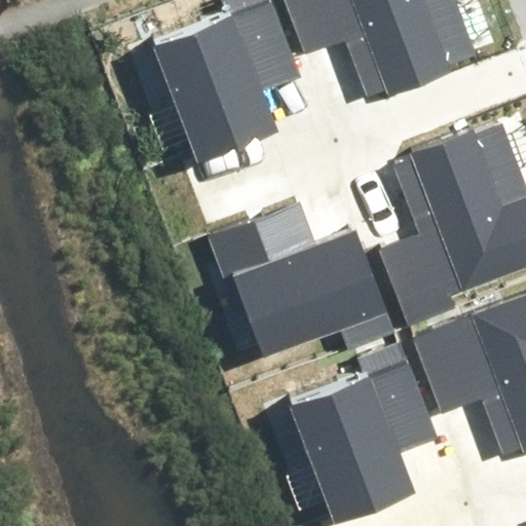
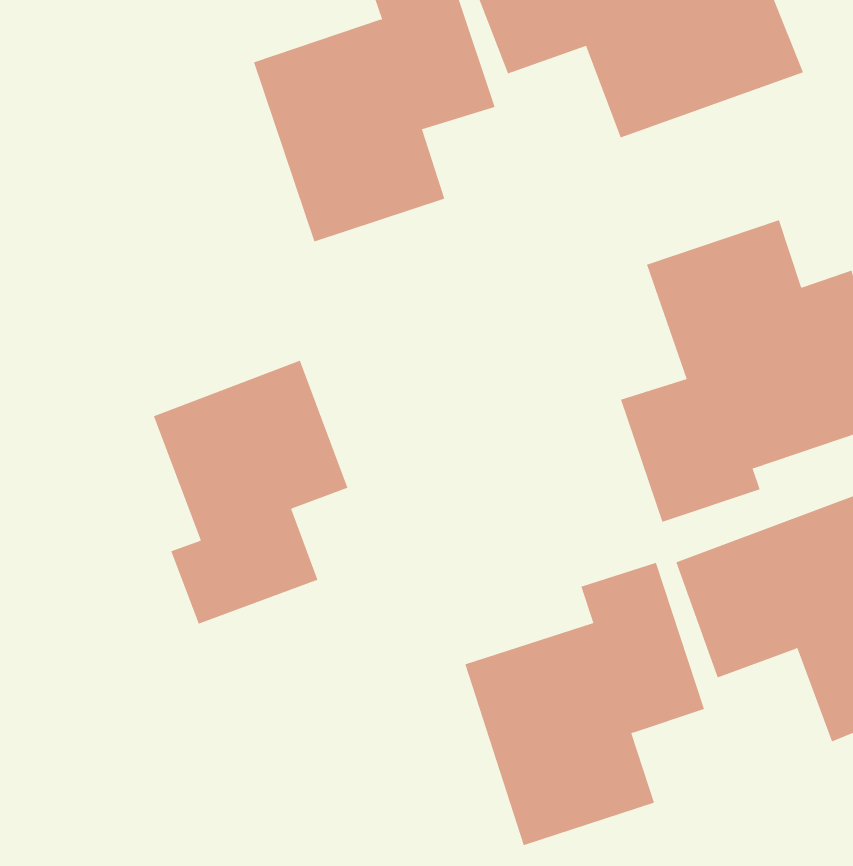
building: [205,192,398,349] -> none
building: none -> [153,360,348,625]

